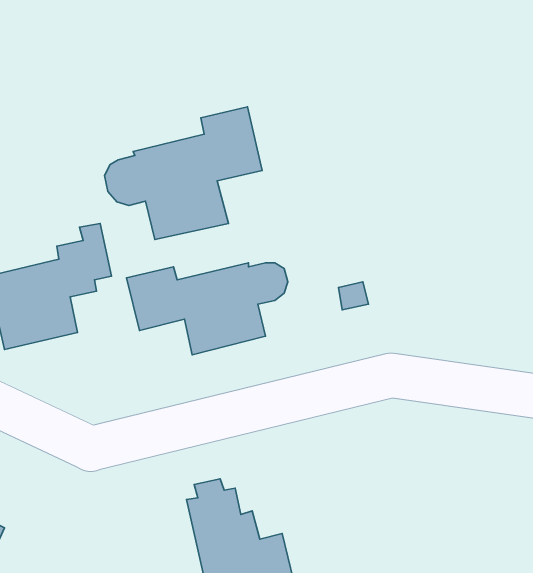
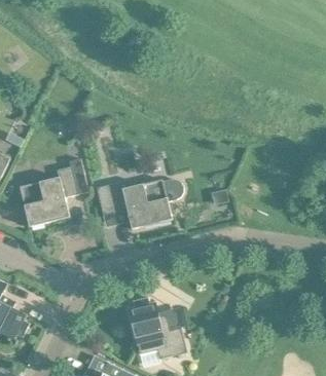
building: [105,107,262,240] -> none

